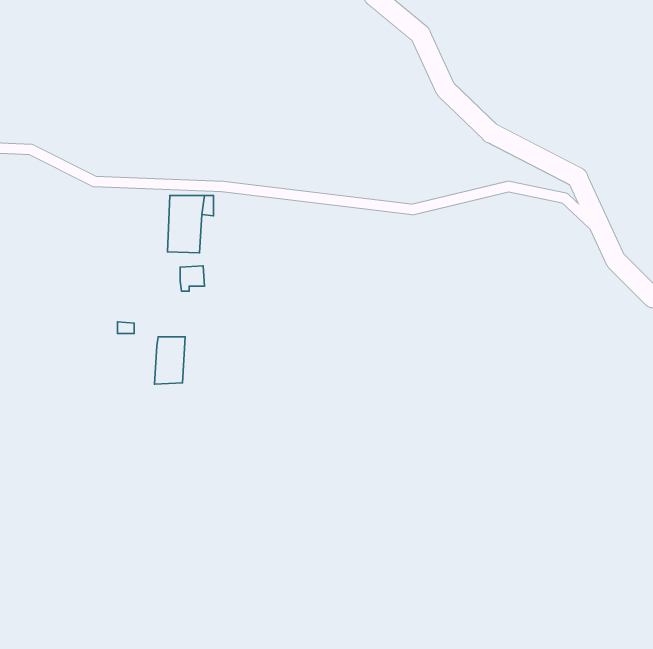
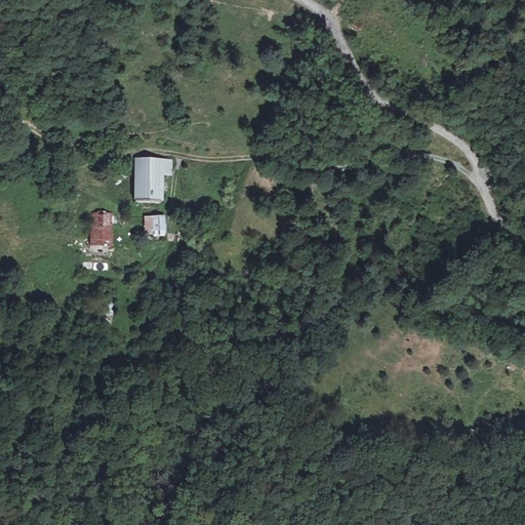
building: [154,337,185,384] -> [89,213,114,251]

